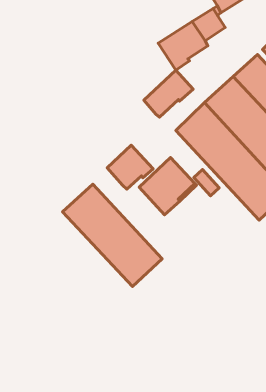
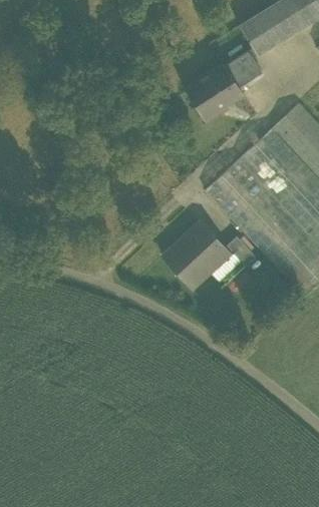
building: [144,70,193,117] -> none
building: [107,145,153,189] -> none
building: [62,184,162,286] -> none

